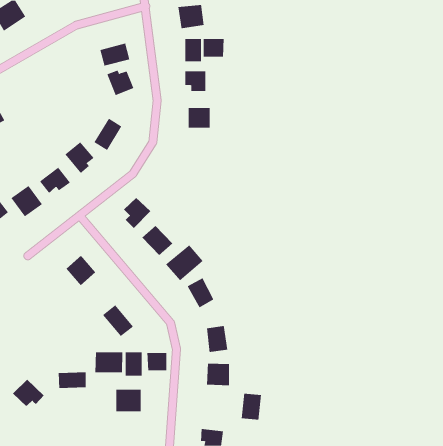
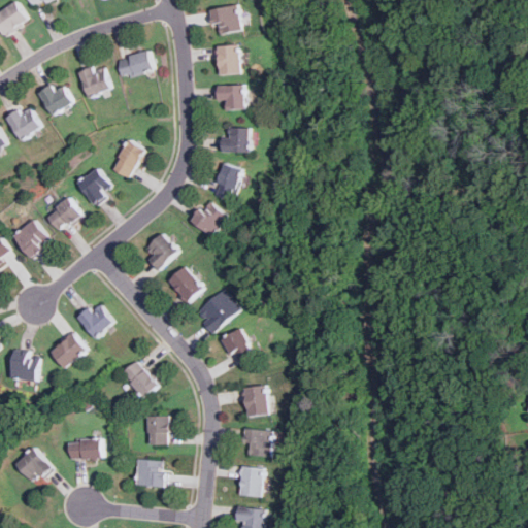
building: [203,38,224,57] -> none
building: [106,70,134,96] -> [78,66,111,97]
building: none -> [37,82,72,114]
building: none -> [6,104,41,139]
building: none -> [211,162,242,200]
building: none -> [190,201,228,236]
building: none -> [51,333,87,368]
building: none -> [7,348,42,384]
building: [95,352,123,373] -> none
building: [147,352,167,371] -> none
building: [241,393,262,420] -> [238,465,263,497]

